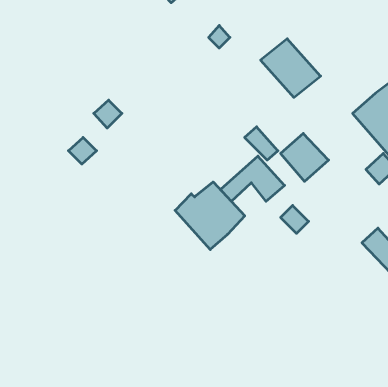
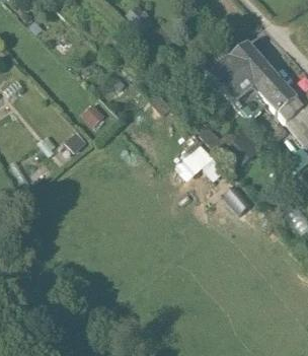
building: none -> [228,43,296,115]
building: [175,182,245,250] -> none

